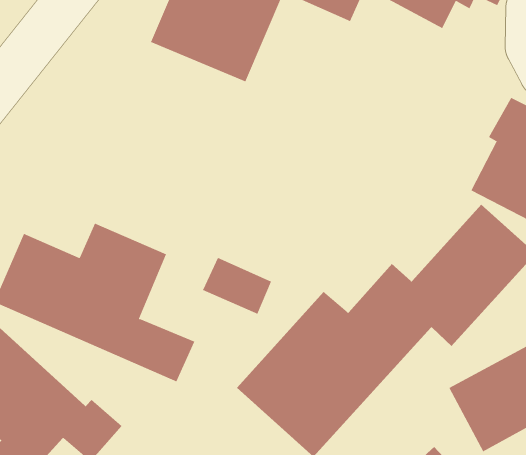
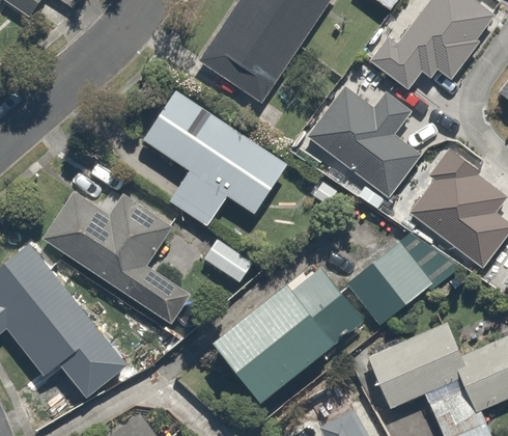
building: none -> [308,87,423,200]
building: none -> [144,88,286,222]

